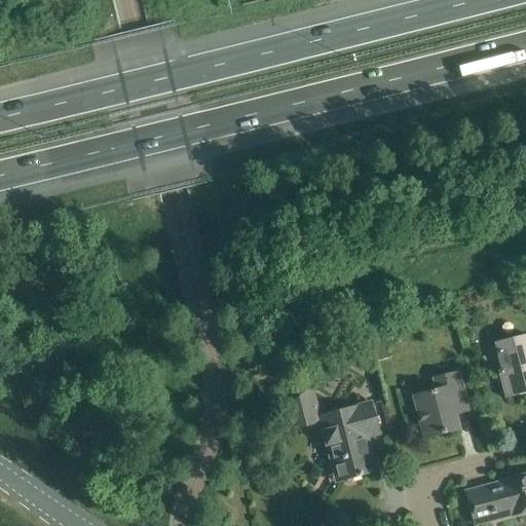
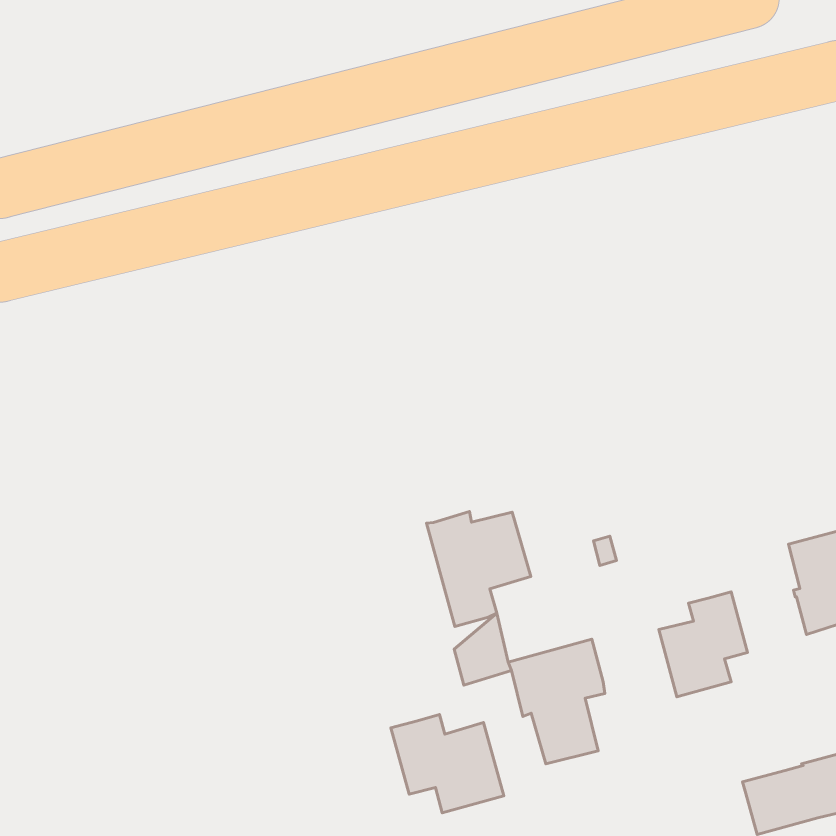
building: none -> [427,511,531,627]
building: none -> [391,714,504,813]

